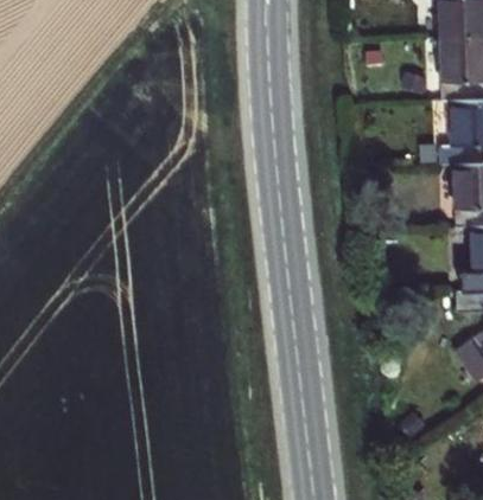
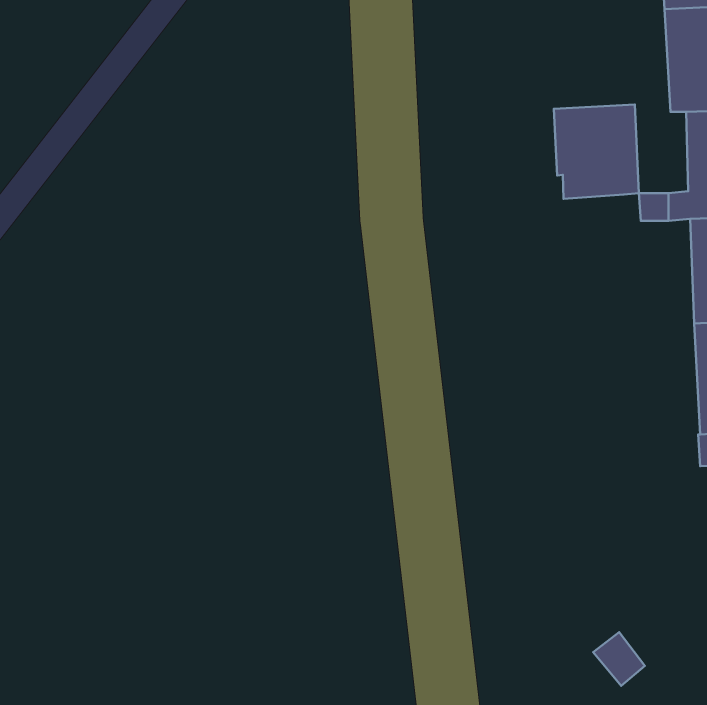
building: none -> [554,104,639,199]

